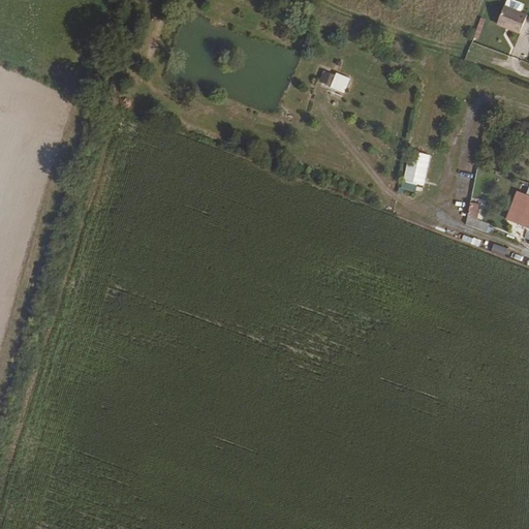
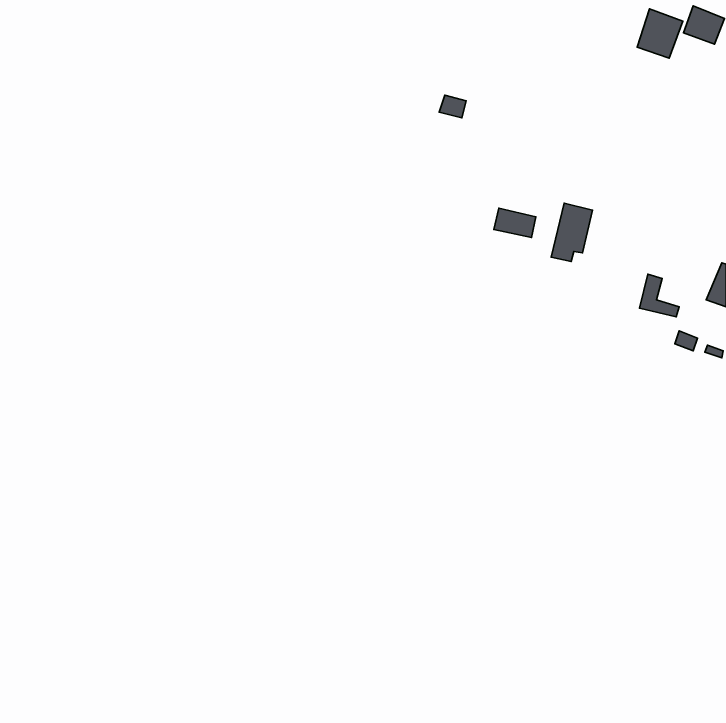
building: none -> [637,9,683,58]
building: none -> [494,208,536,238]

